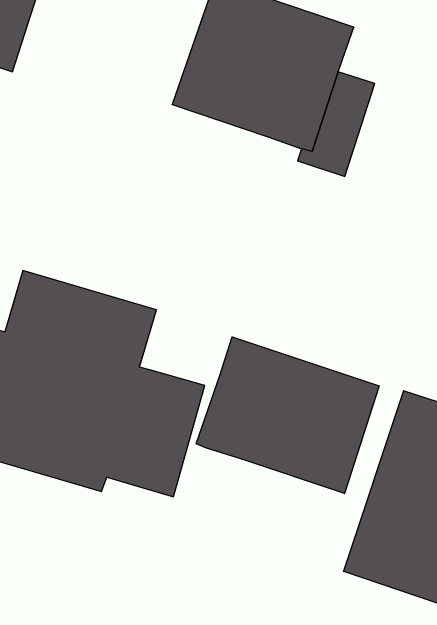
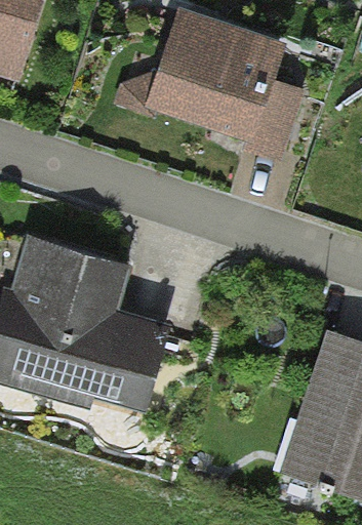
building: [196,337,379,494] -> none

